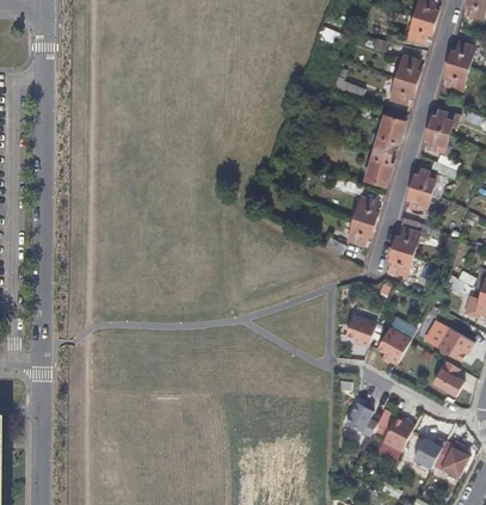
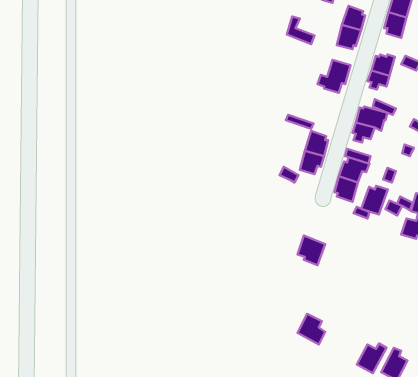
building: [365,148,394,186] -> none
building: none -> [361,186,388,214]
building: [377,327,412,364] -> none
building: [437,327,473,361] -> none
building: [433,361,465,396] -> none
building: [383,414,416,451] -> none

